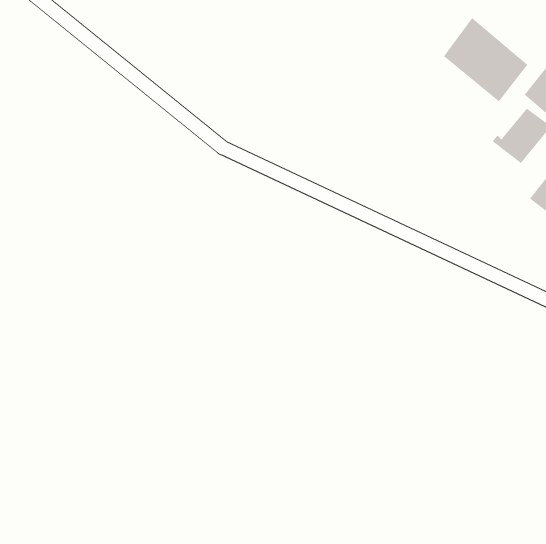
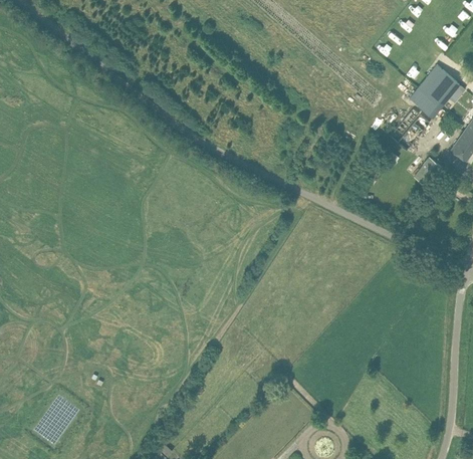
building: [443,17,528,102] -> none

